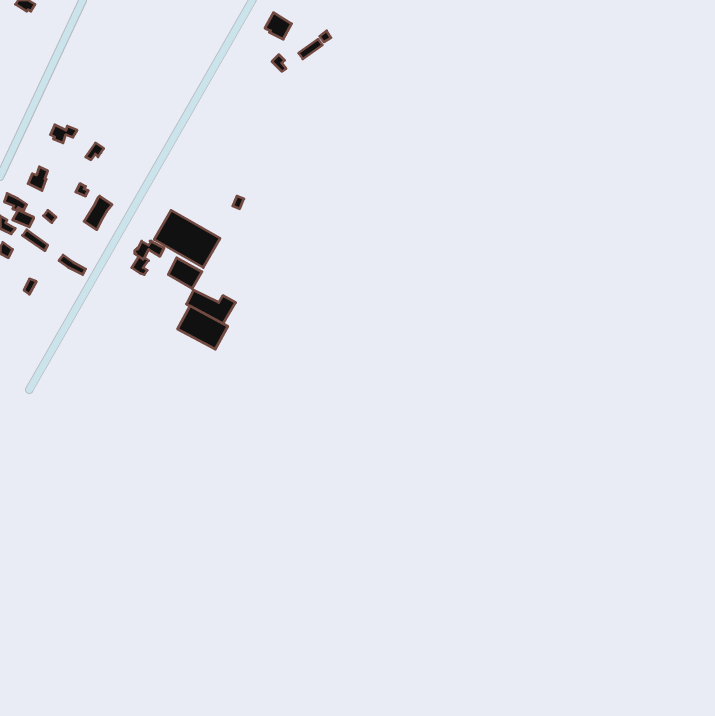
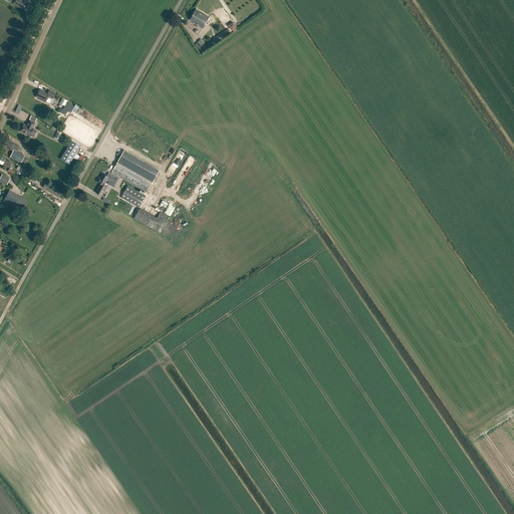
building: [178,306,228,349] -> none

